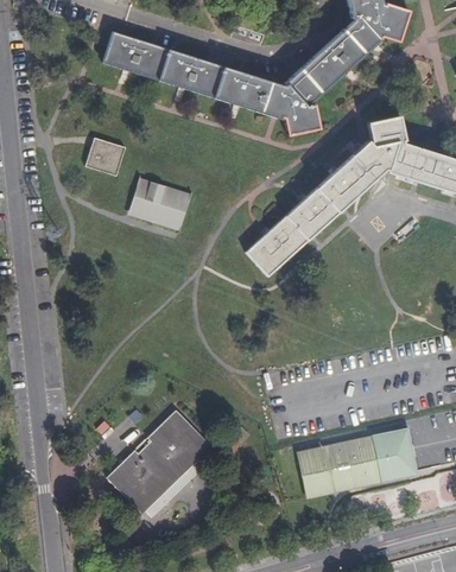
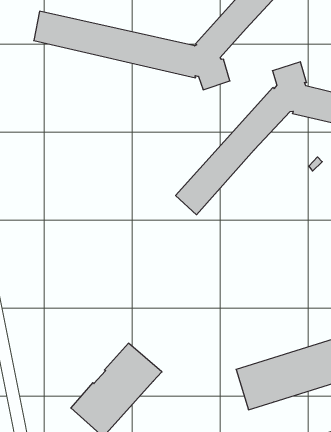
building: [88,136,128,174] -> none
building: [132,172,196,227] -> none

